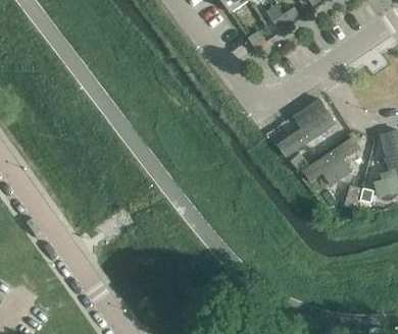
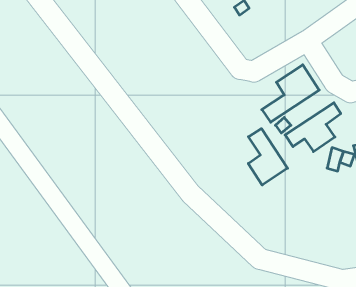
building: none -> [248,129,288,185]

